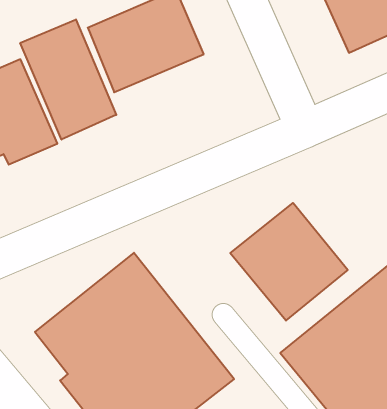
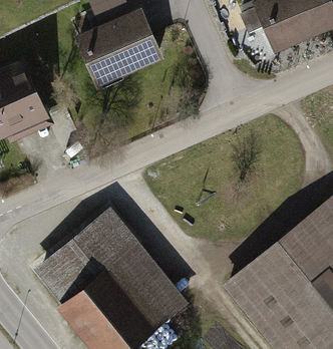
building: [20,19,116,140] -> none
building: [230,203,348,321] -> none

